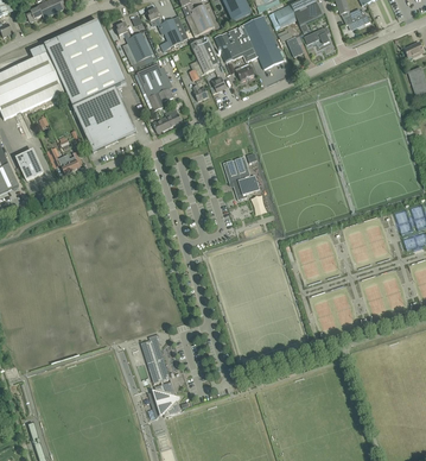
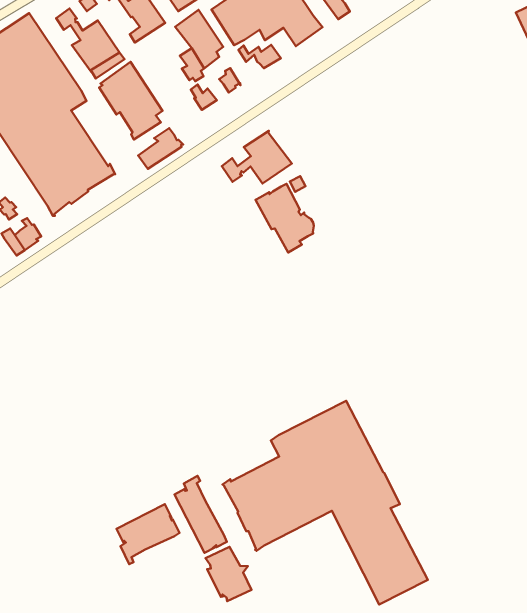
building: none -> [222,131,292,184]
building: none -> [222,401,428,605]
building: none -> [117,504,180,564]

